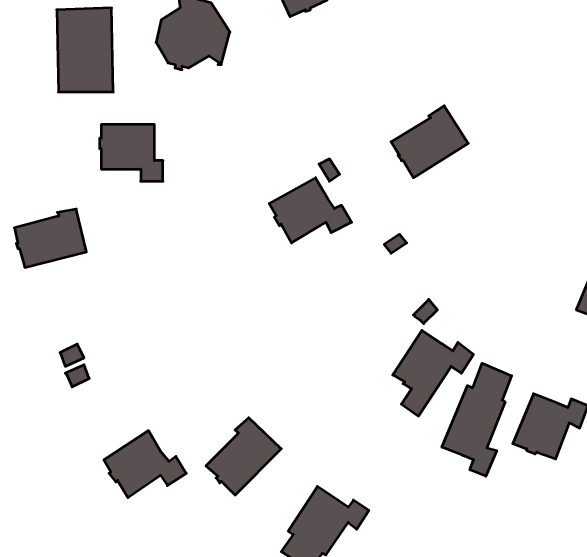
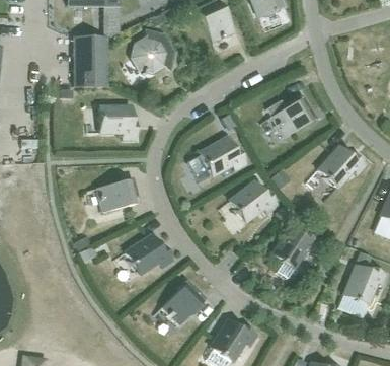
building: none -> [317,145,367,187]
building: [14,209,86,267] -> [96,176,139,211]
building: none -> [229,180,279,221]
building: [442,363,512,476] -> none
building: [104,431,186,498] -> [125,234,173,274]

